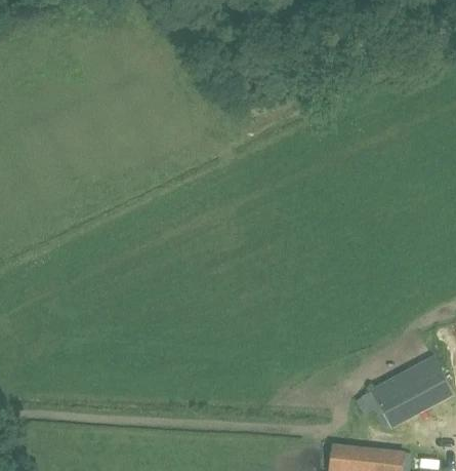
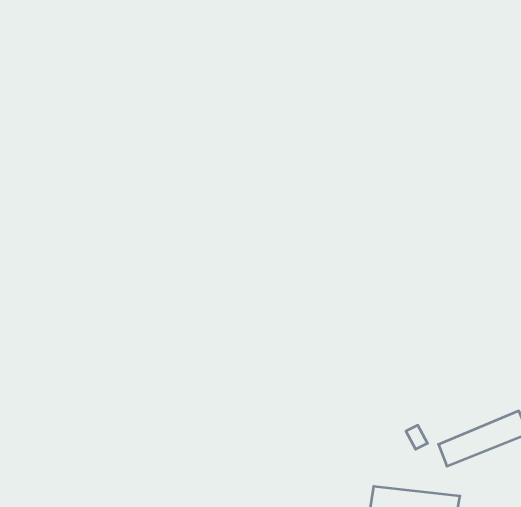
building: [384,360,448,403] -> none

